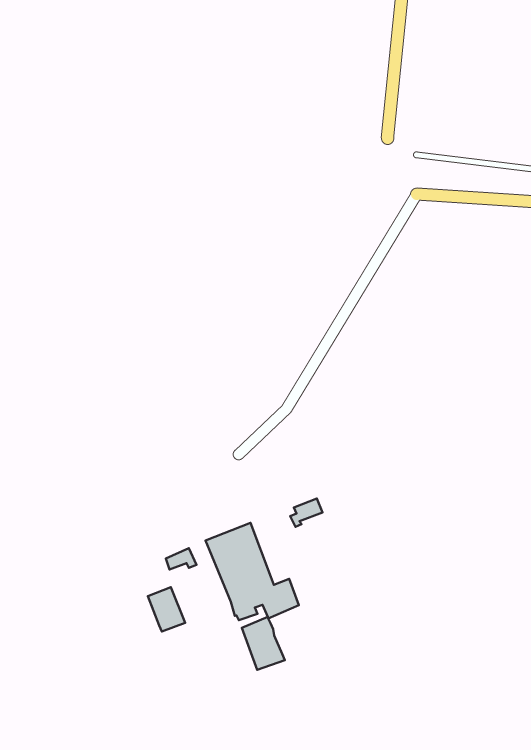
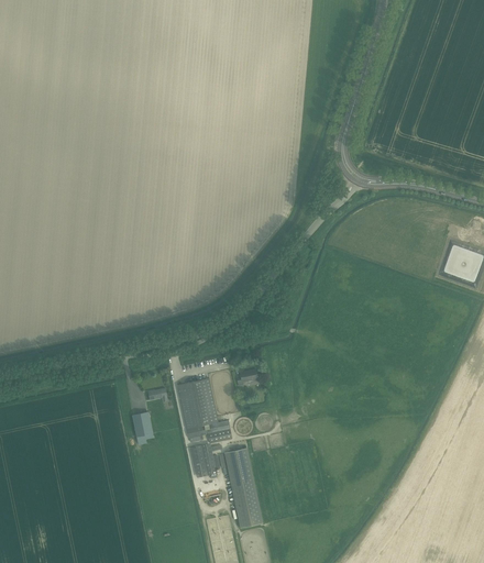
building: none -> [223,448,262,528]

